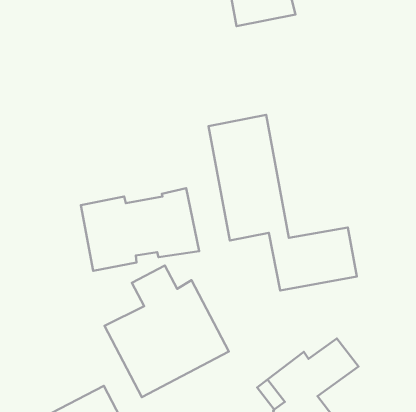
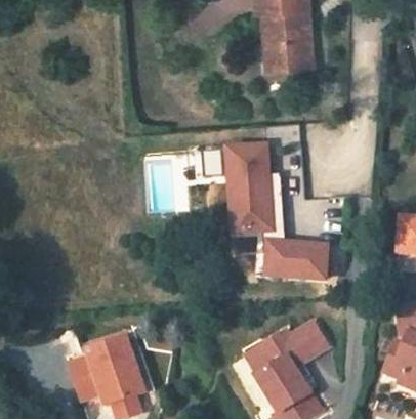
building: [81,188,199,271] -> none
building: [104,266,229,397] -> none

